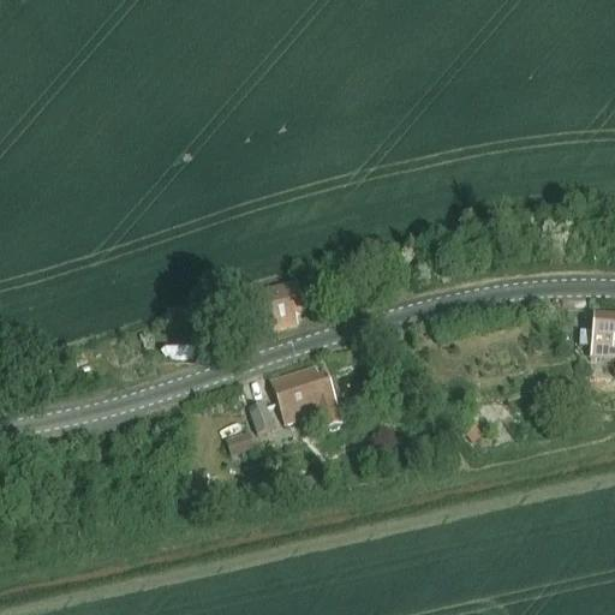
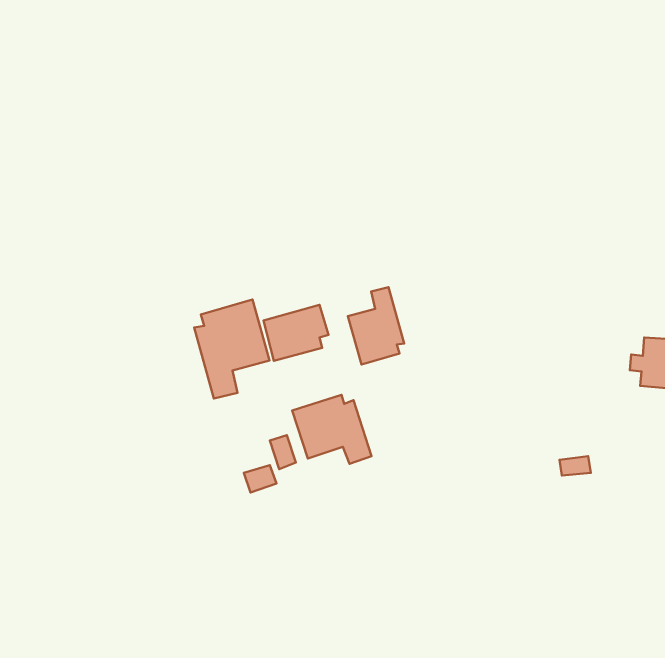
building: none -> [348,287,404,365]
building: none -> [194,299,269,398]

